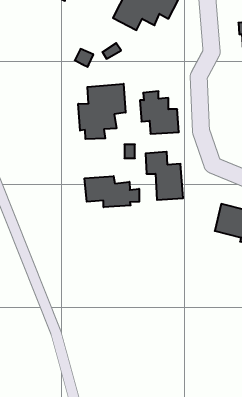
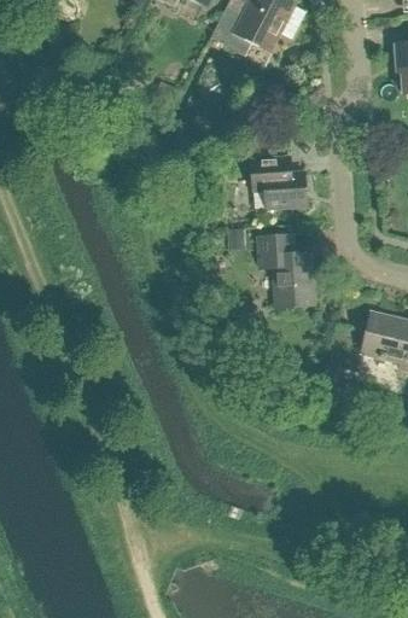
building: [78,84,126,139] -> none
building: [85,176,139,207] -> none

